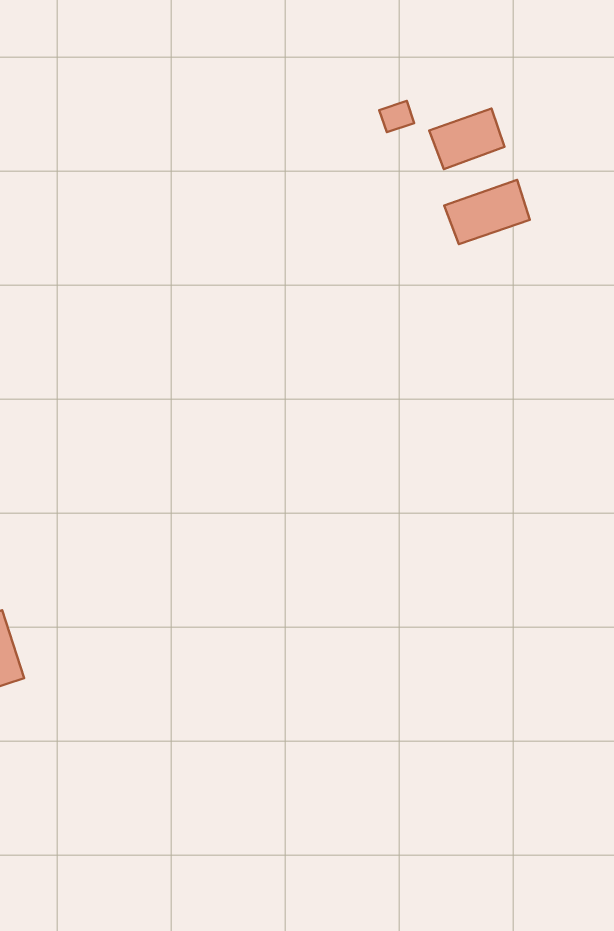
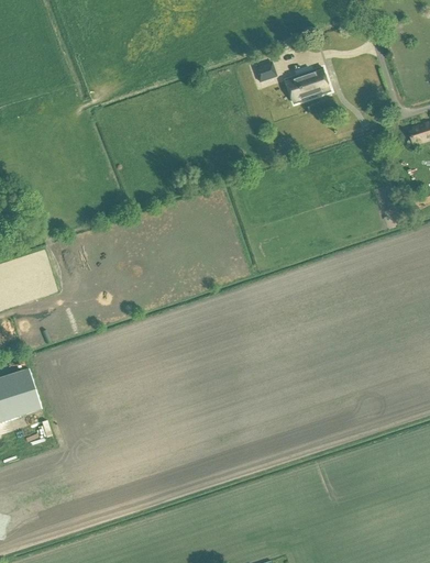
building: [444,180,530,244] -> none

